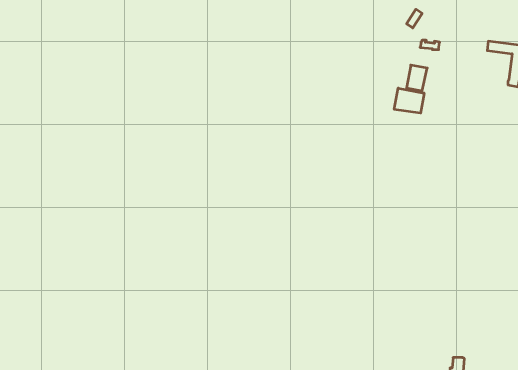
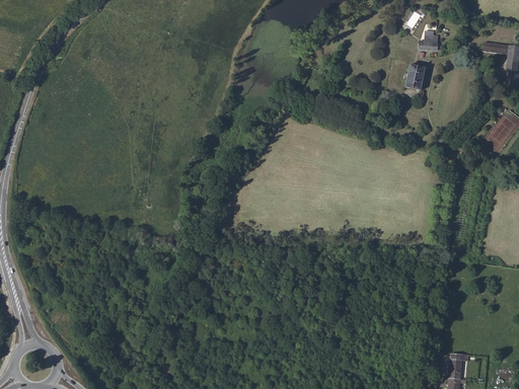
building: [394,88,424,113] -> none

